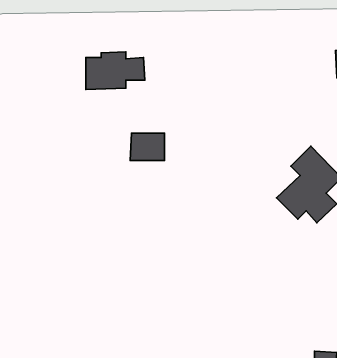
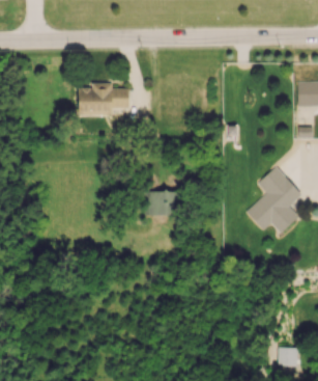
building: [130,133,164,160] -> [148,191,178,215]

